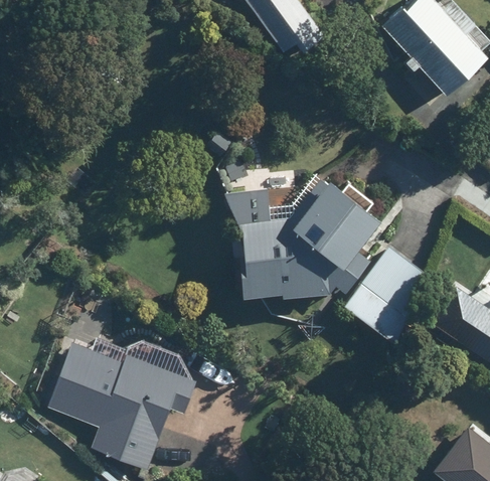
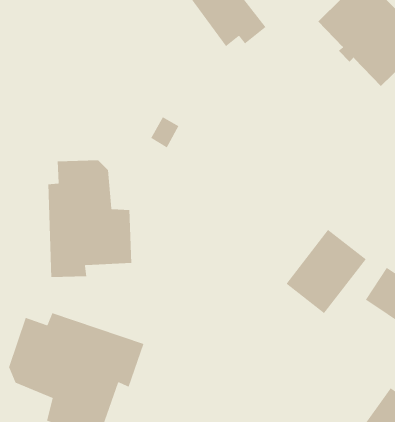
building: none -> [48,159,132,278]
building: [227,176,381,294] -> none

